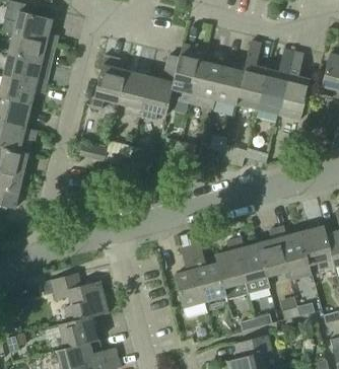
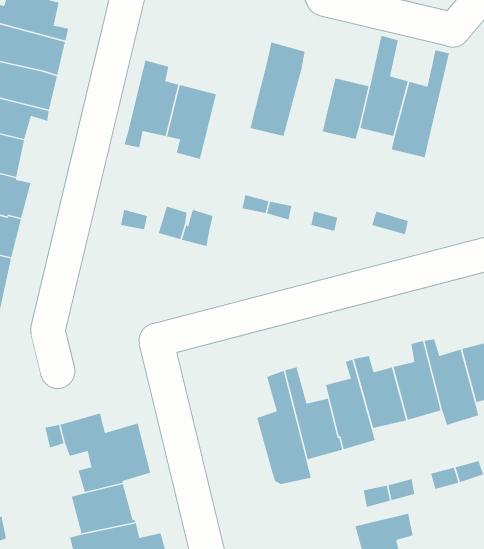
building: [277,51,309,121] -> none
building: [138,55,179,120] -> none
building: [190,61,221,107] -> none

